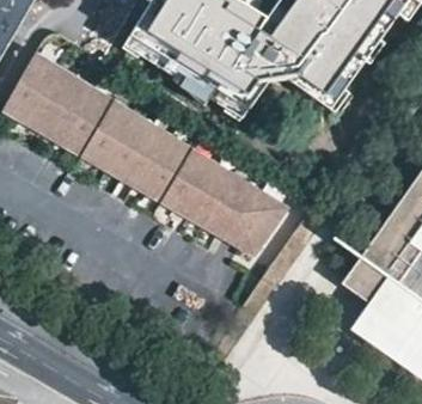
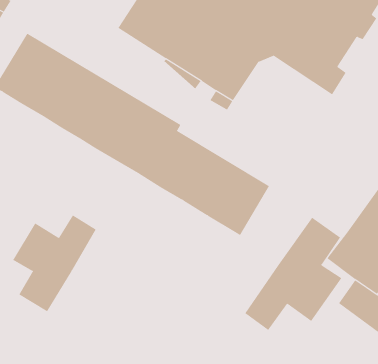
building: none -> [12,215,96,312]
building: none -> [244,217,342,331]

